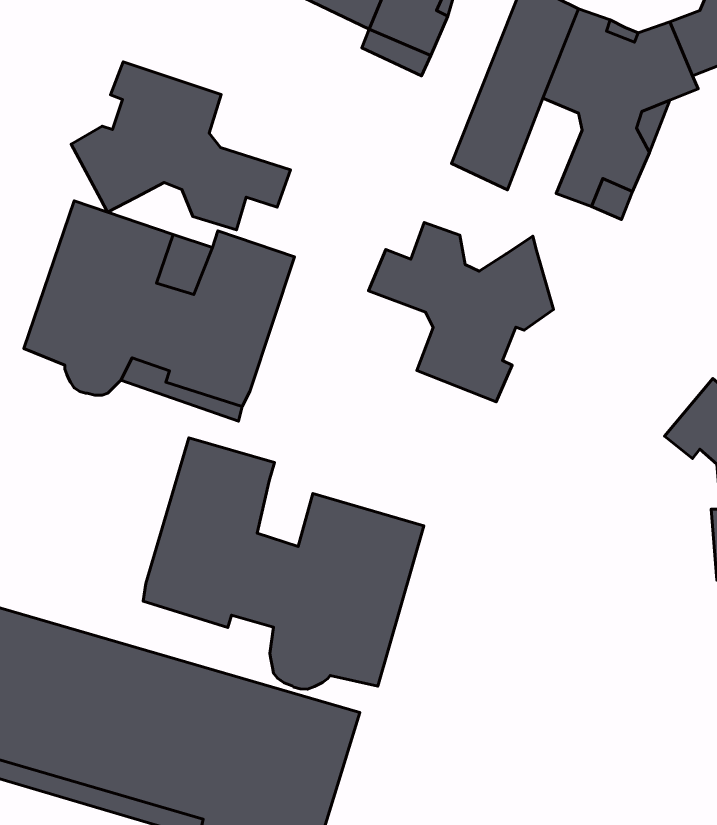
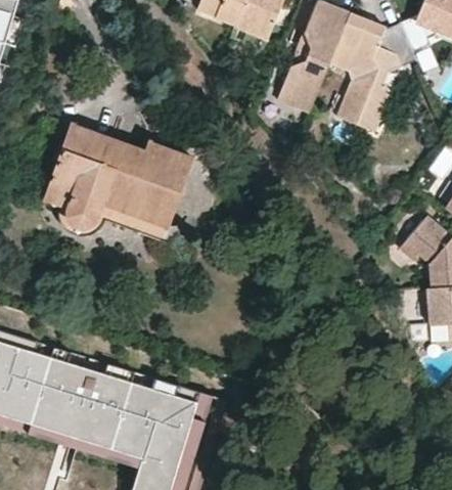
building: [71,62,290,230] -> none
building: [369,223,553,402] -> none
building: [143,438,424,689] -> none

